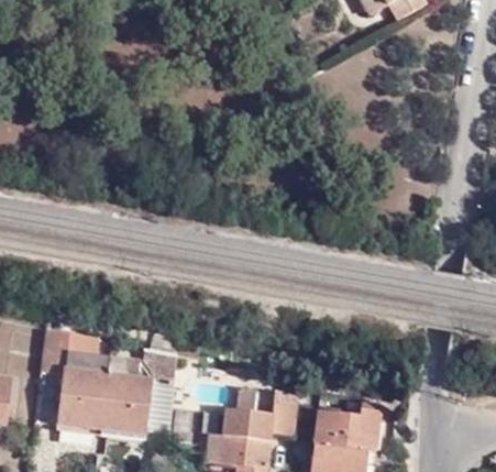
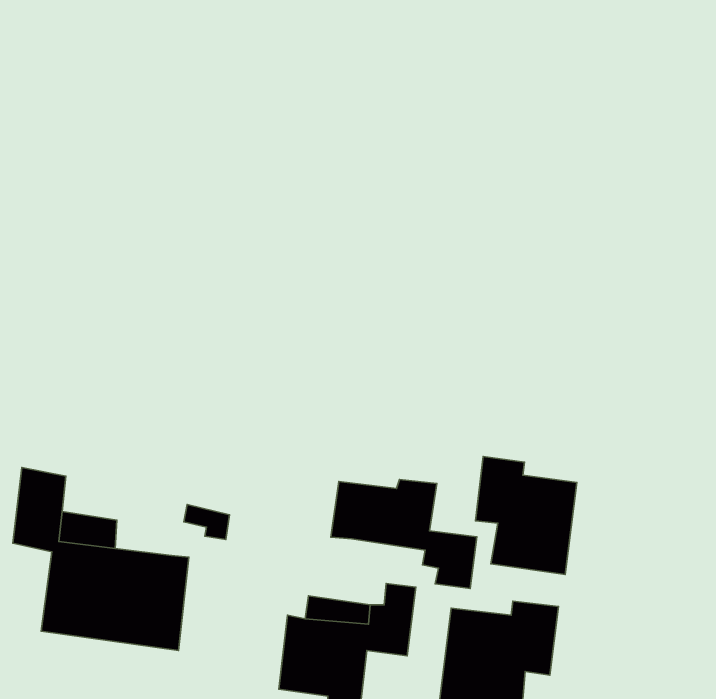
building: none -> [475,457,577,574]
building: none -> [331,480,477,588]

